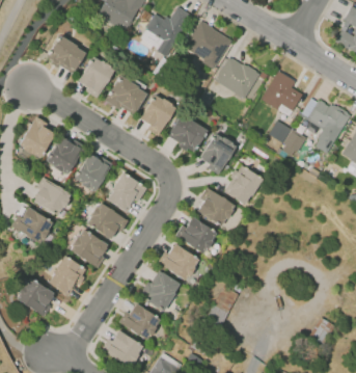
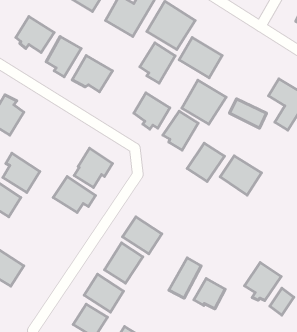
building: [262,71,307,116] -> [182,80,226,124]
building: [140,95,176,136] -> [140,43,175,83]
building: [47,136,86,175] -> none
building: [75,154,113,191] -> none
building: [192,187,235,228] -> [220,156,261,195]
building: [175,215,216,254] -> none
building: [71,228,109,267] -> none
building: [51,255,87,294] -> none
building: none -> [245,262,281,300]
building: none -> [194,279,225,309]

